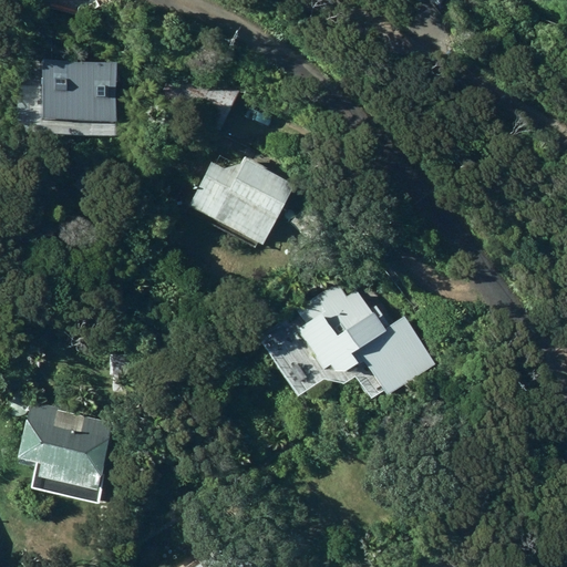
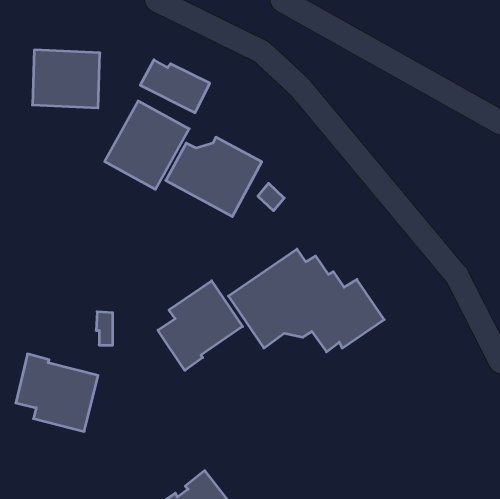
building: none -> [105,101,189,189]
building: none -> [158,281,243,370]

